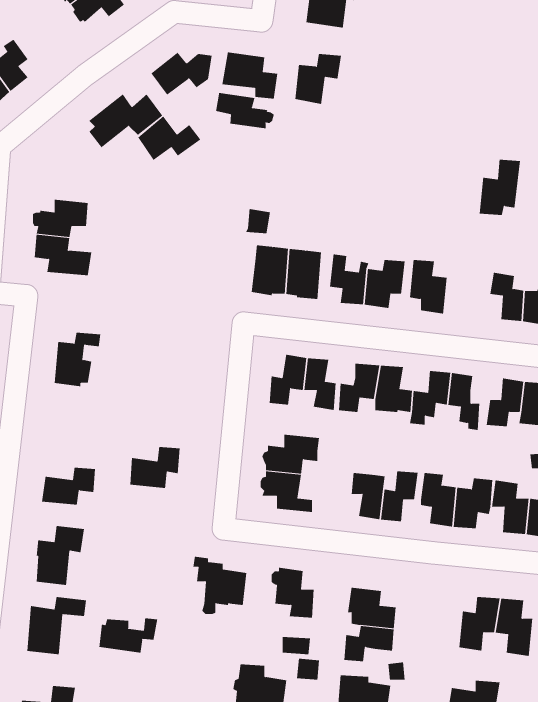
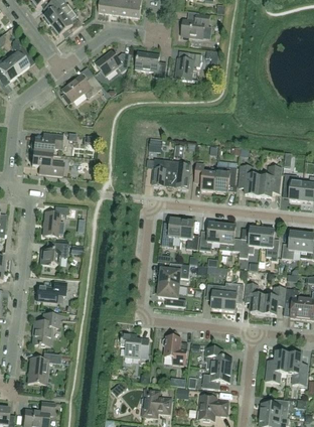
building: [215,92,275,129] -> none
building: [137,116,201,161] -> none
building: [479,159,521,216] -> [259,165,282,196]
building: [129,446,180,488] -> [40,242,68,265]
building: [99,617,158,654] -> none

